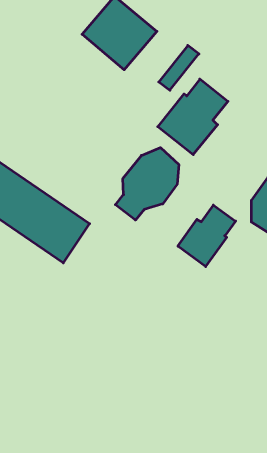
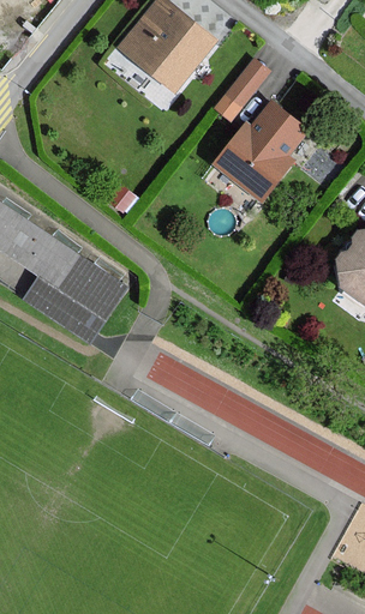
building: [115,148,179,220] -> none
building: [178,205,236,267] -> none

